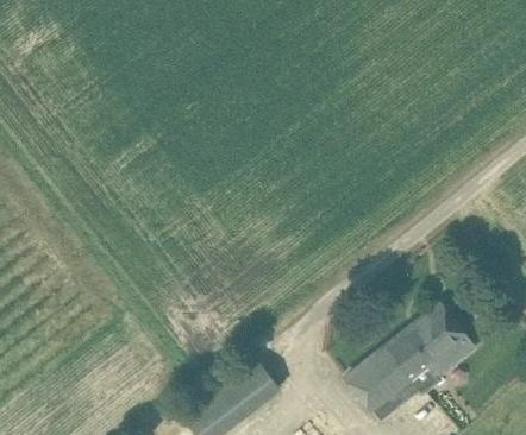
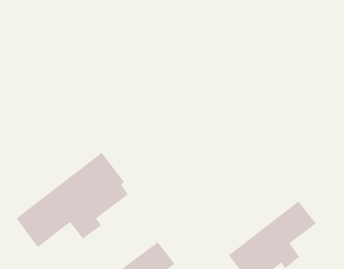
building: none -> [15,152,129,248]

